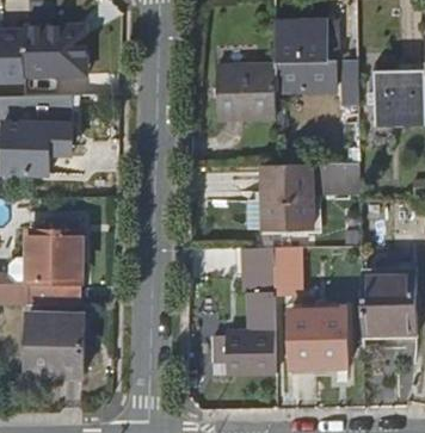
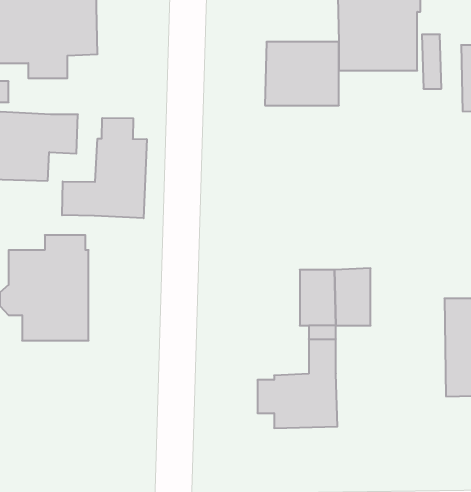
building: none -> [62,118,147,218]
building: [261,162,359,227] -> none
building: [289,309,346,367] -> none
building: [24,313,84,376] -> none

